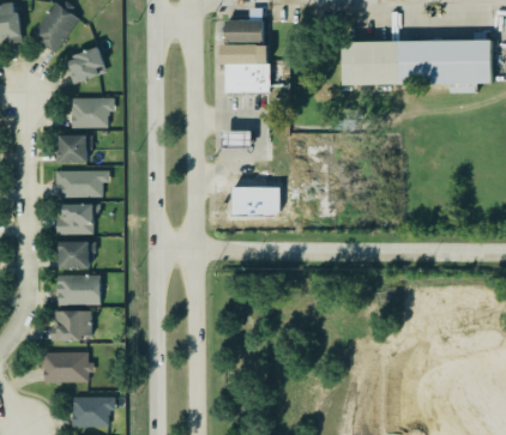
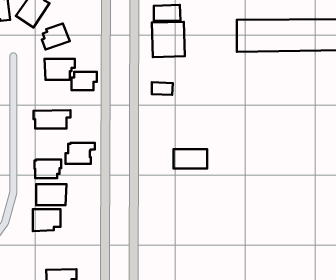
building: [55,134,91,161] -> [72,72,97,90]
building: [234,188,282,216] -> [174,149,207,169]
building: [56,204,98,234] -> [66,143,95,164]
building: [46,352,92,383] -> none

